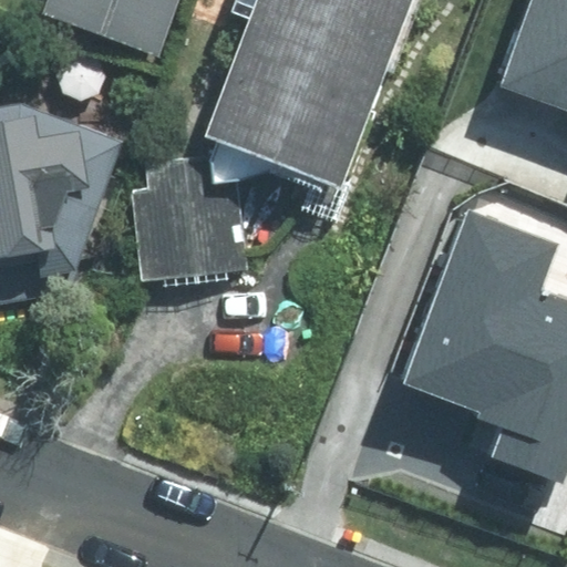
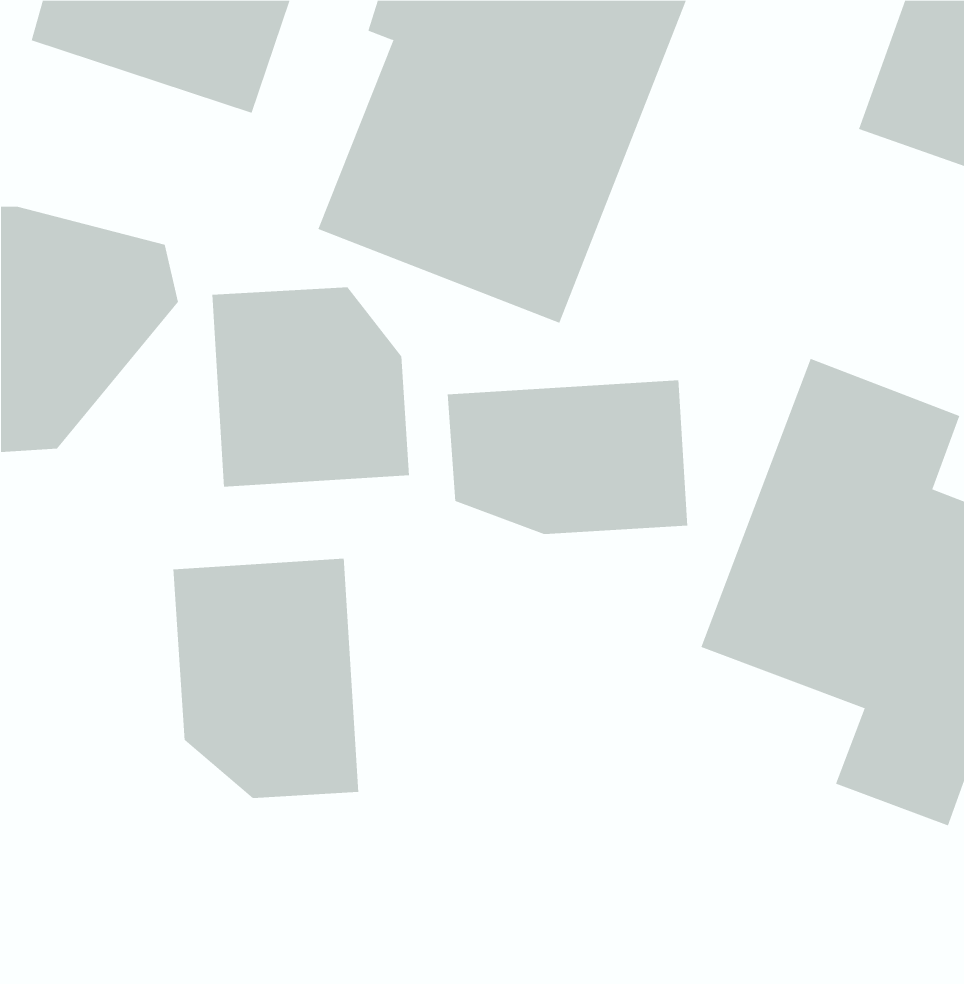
building: none -> [447,379,688,535]
building: none -> [173,558,359,799]

